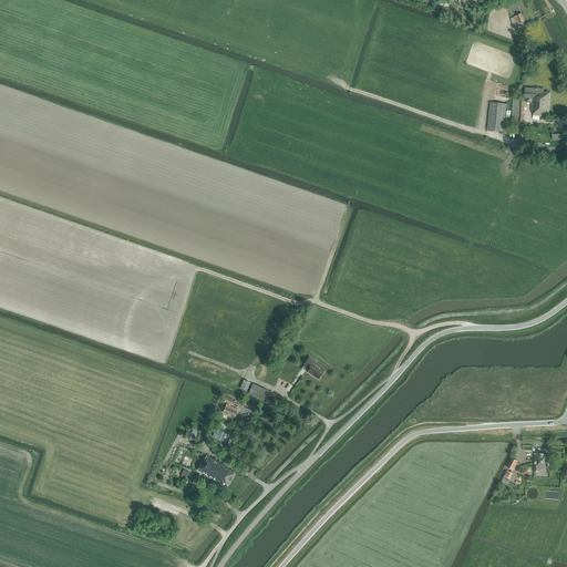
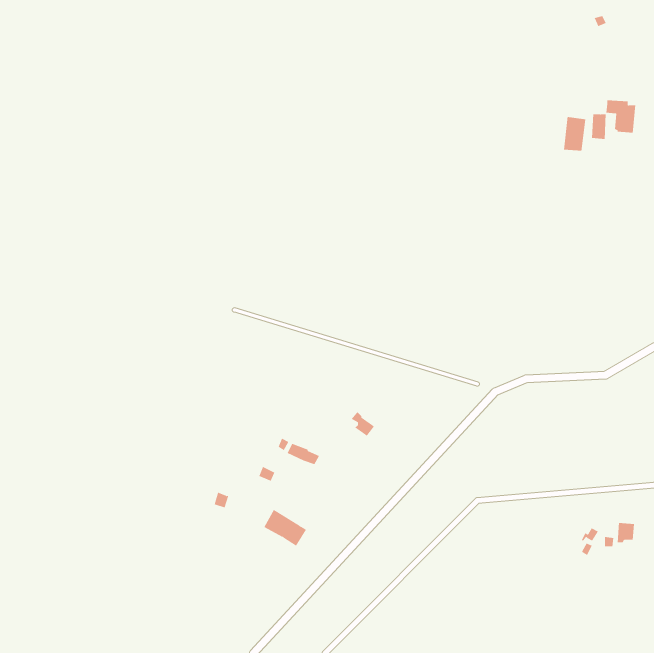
building: [197,454,235,486] -> [263,509,307,546]

